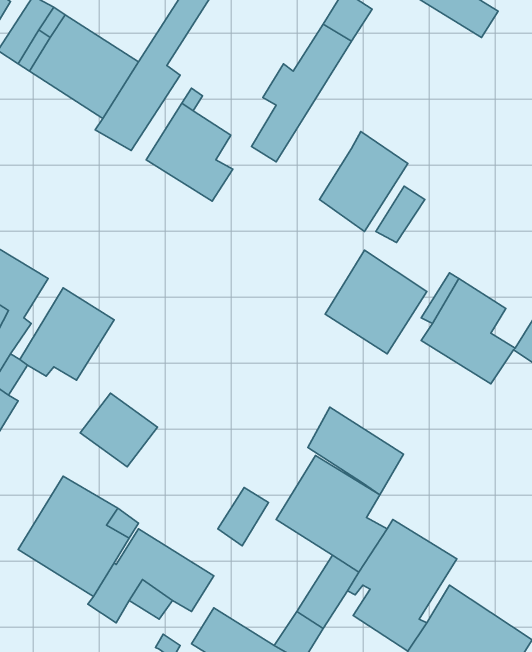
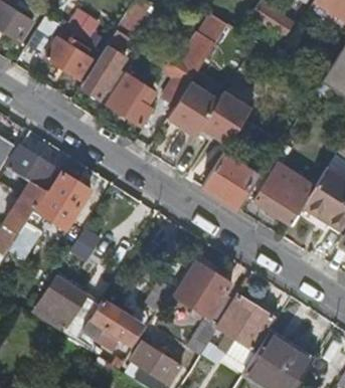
building: none -> [169,79,216,132]
building: [308,407,404,495] -> none

